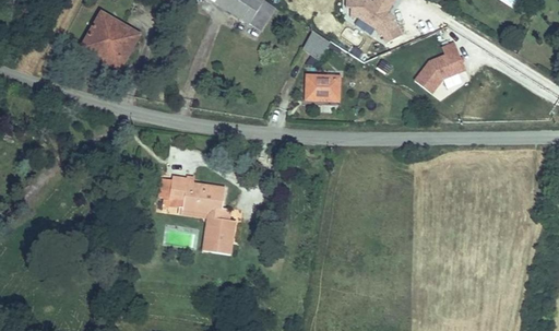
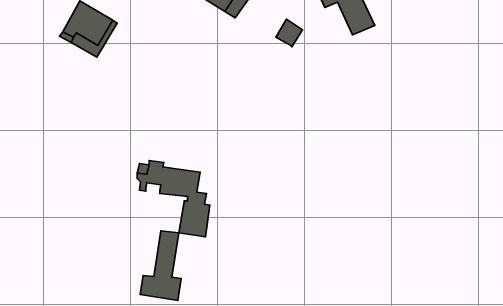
building: [415,40,465,92] -> none
building: [305,74,338,99] -> none
building: none -> [140,231,181,301]

